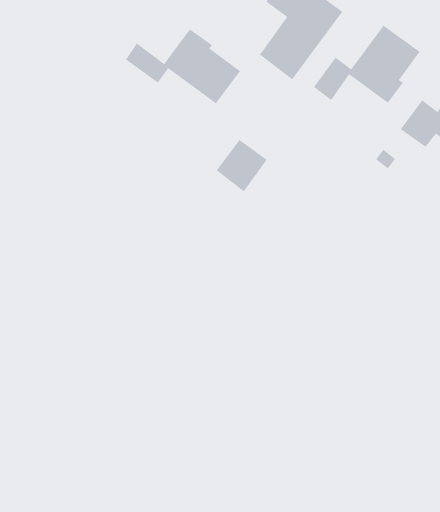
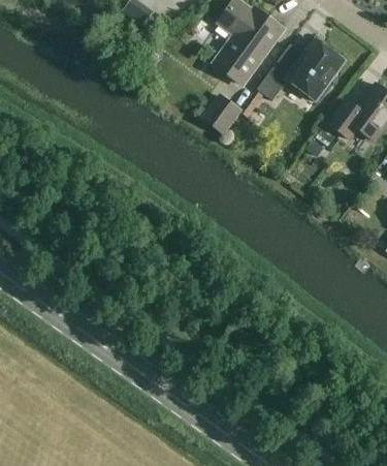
building: [125,28,241,104] -> none
building: [216,139,268,192] -> [202,93,244,135]

